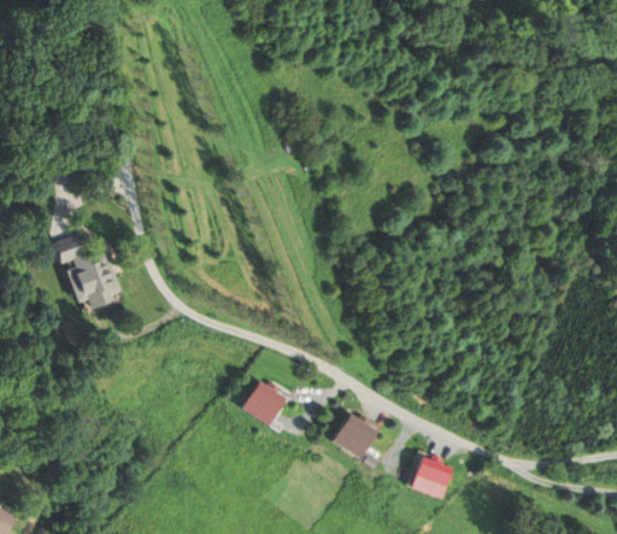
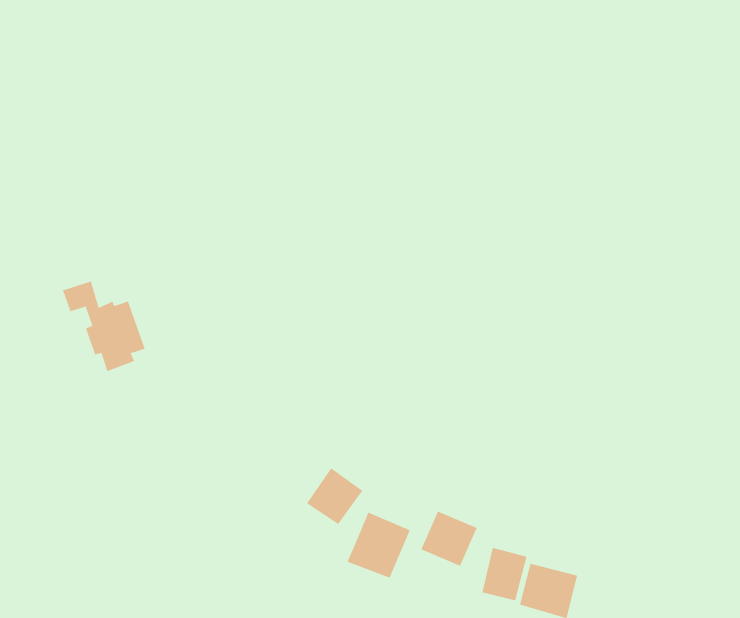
building: none -> [347,512,410,578]
building: none -> [482,547,527,601]

